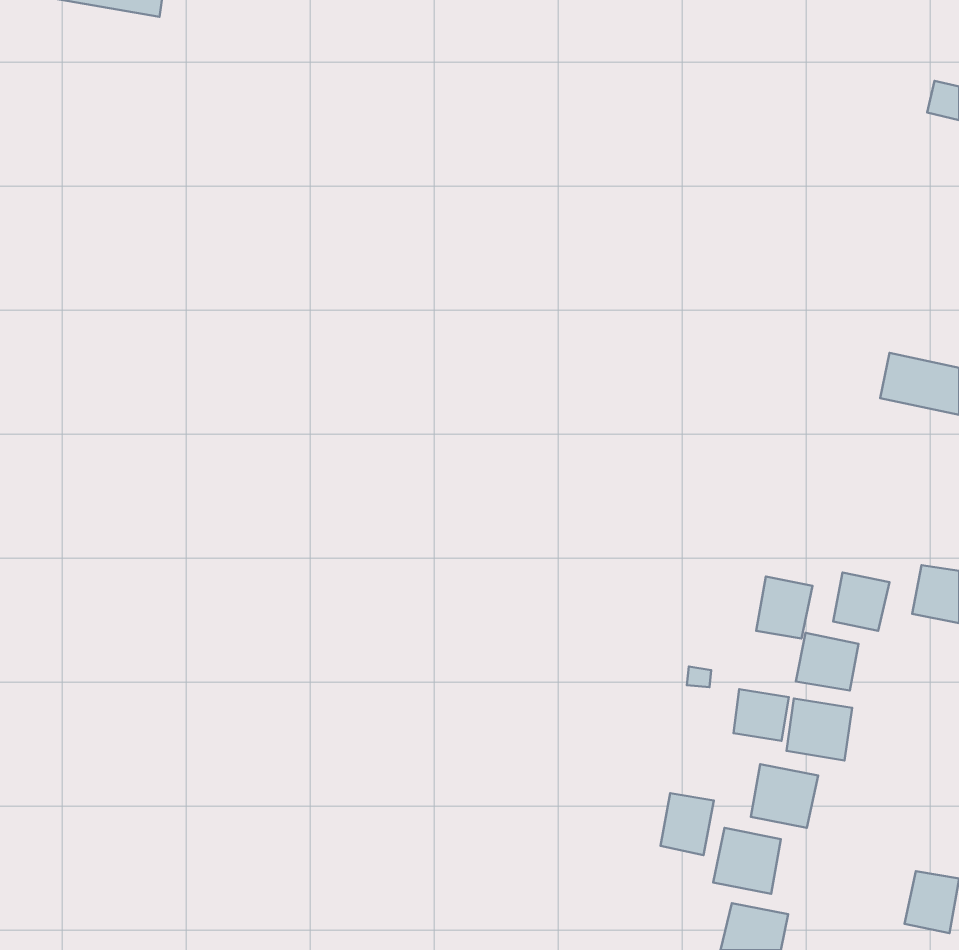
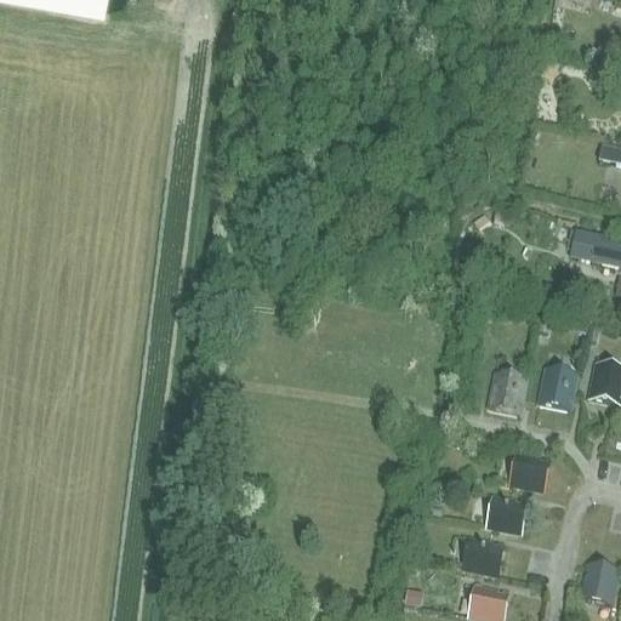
building: [796,633,859,691] -> none
building: [734,689,789,741] -> none
building: [660,793,714,855] -> none

